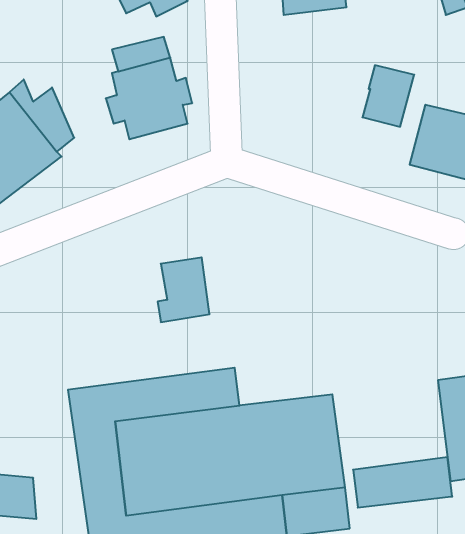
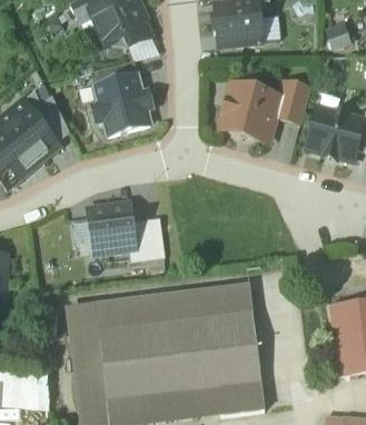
building: none -> [220,86,279,141]
building: none -> [89,204,136,256]
building: [353,457,452,508] -> [184,286,254,322]

